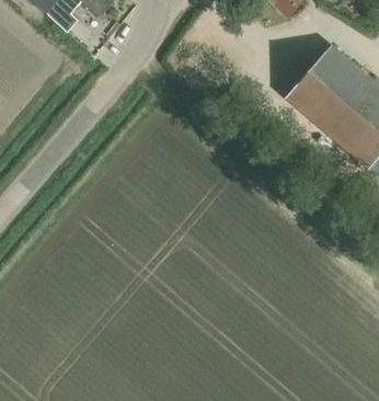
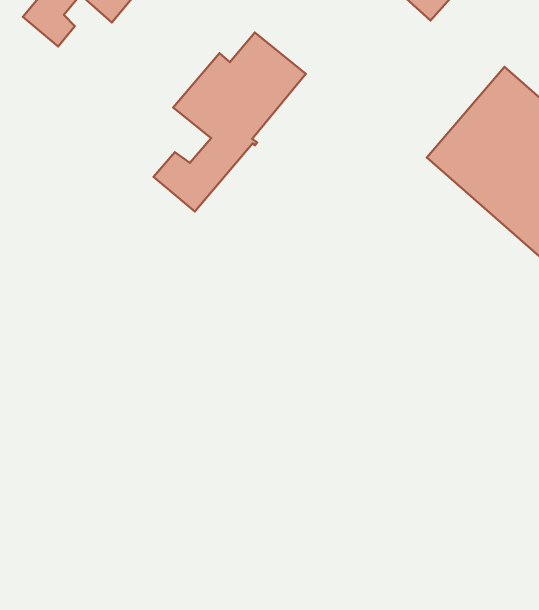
building: none -> [154,32,306,211]

